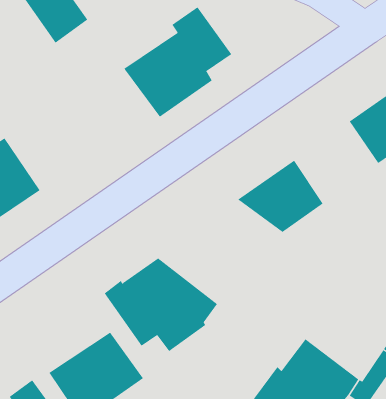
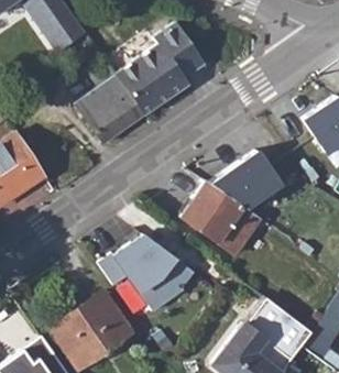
building: none -> [77,77,145,143]
building: none -> [181,180,261,256]

